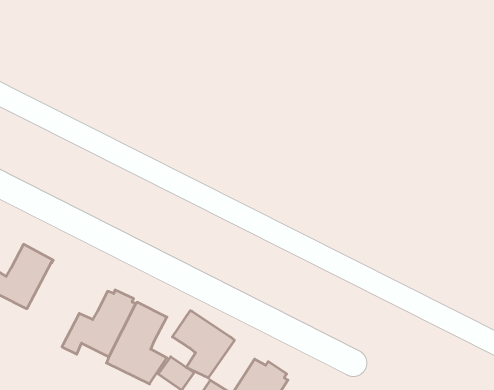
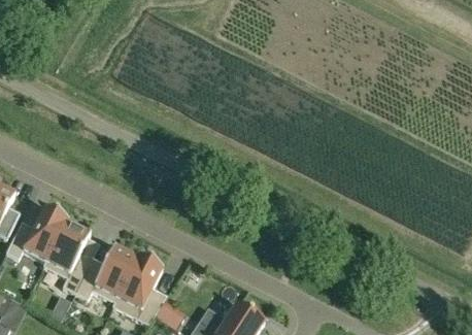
building: none -> [43,221,90,293]
building: [172,311,234,378] -> none

